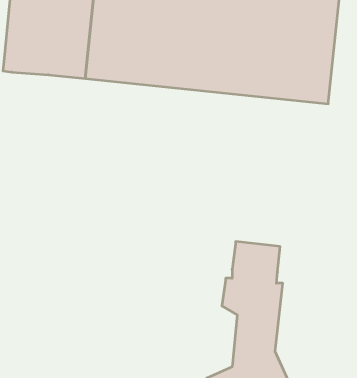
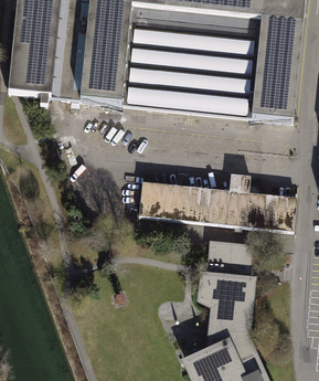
building: none -> [139,173,298,231]

